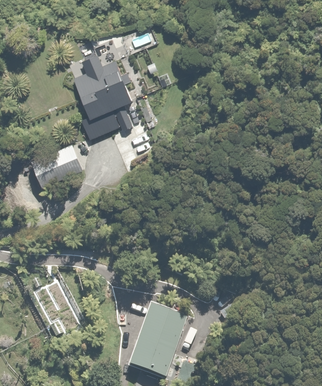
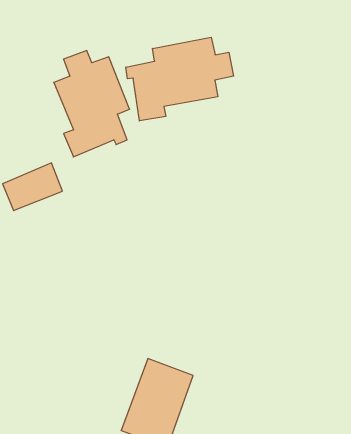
building: none -> [126,37,234,121]

